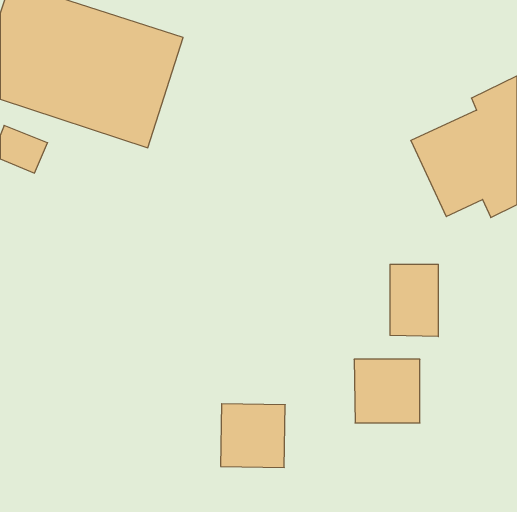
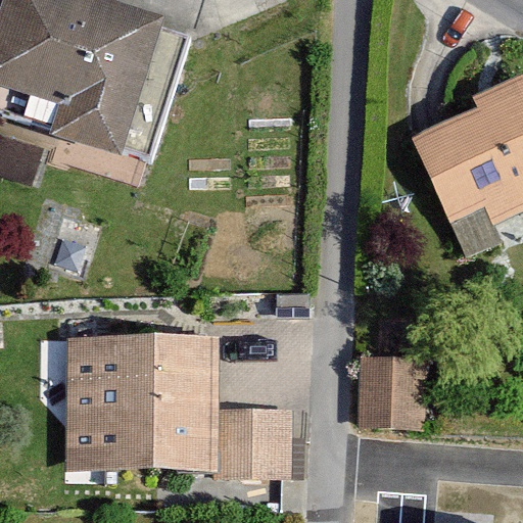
building: [390,264,438,337] -> none
building: none -> [70,338,210,464]

